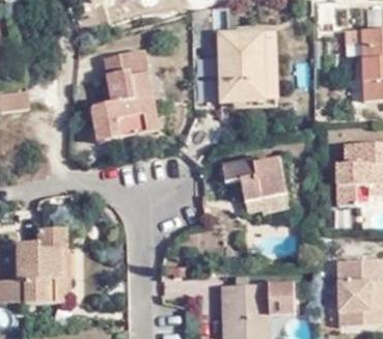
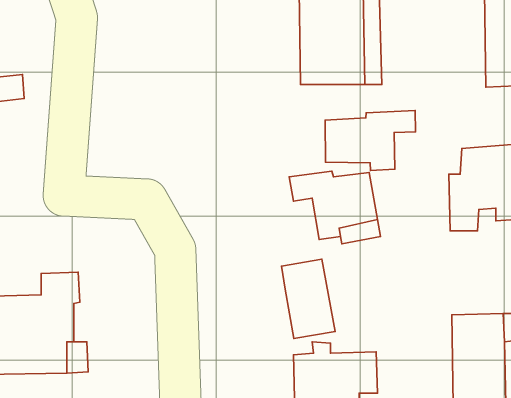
building: [92,53,161,144] -> none
building: none -> [325,110,416,170]
building: none -> [282,259,335,339]

